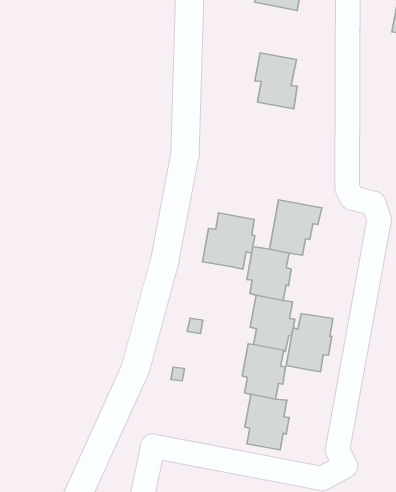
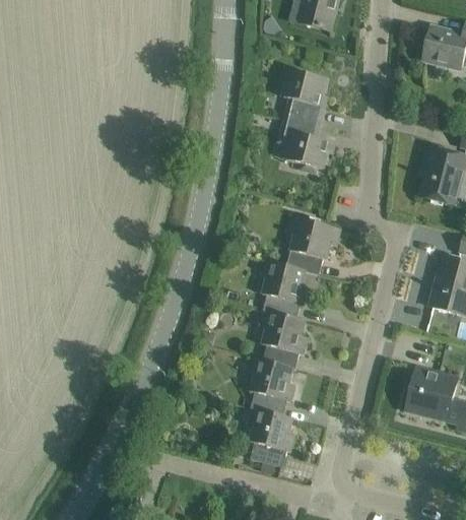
building: none -> [278,119,328,169]
building: [203,213,255,269] -> none
building: [286,314,333,372] -> none

